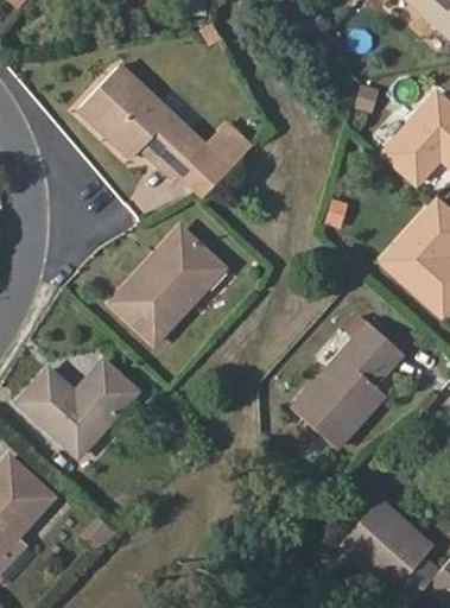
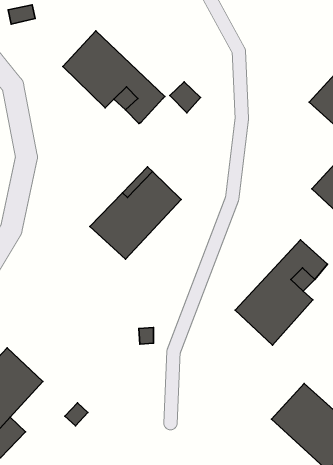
building: [176,146,227,198] -> none
building: [21,361,138,454] -> none

